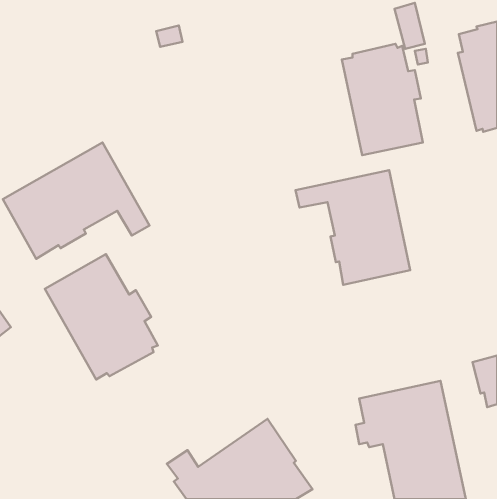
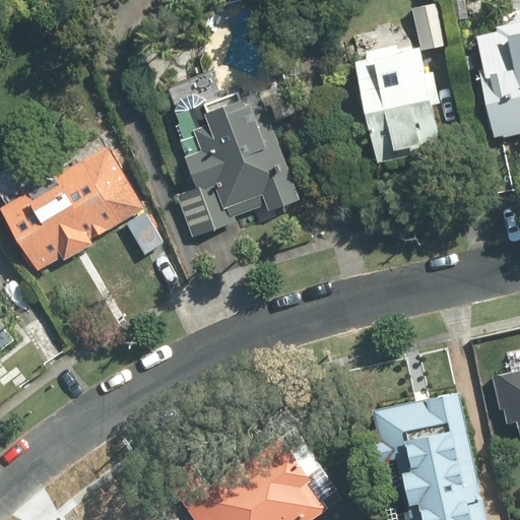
building: none -> [175,93,298,235]
building: [295,170,410,285] -> none
building: [45,254,158,380] -> none

